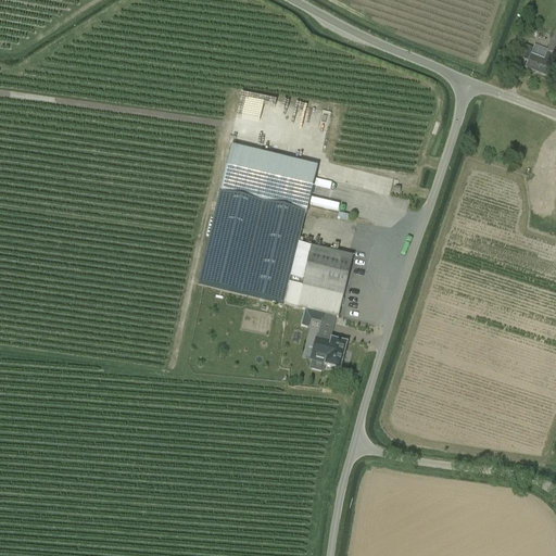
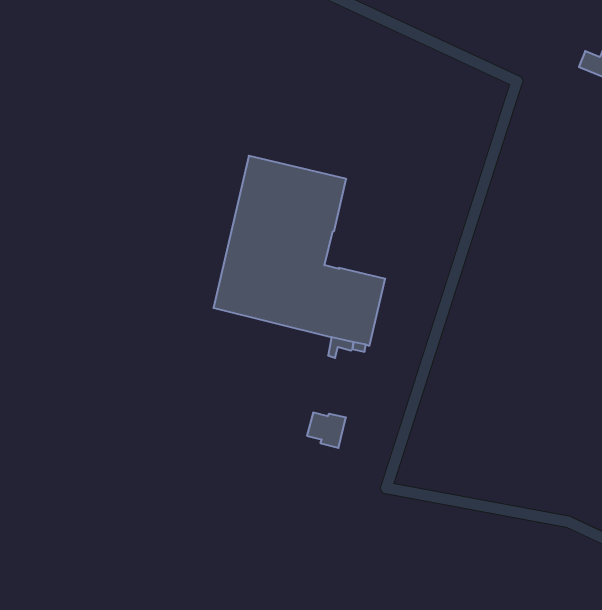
building: [313,334,348,366] -> [307,413,346,448]

